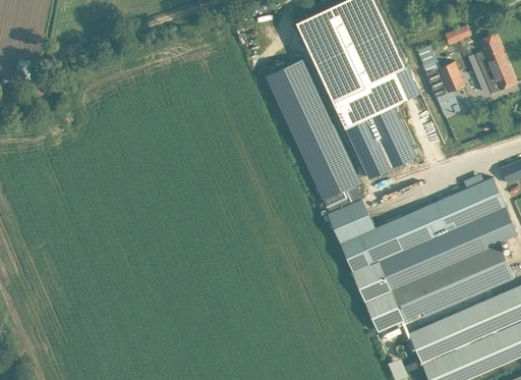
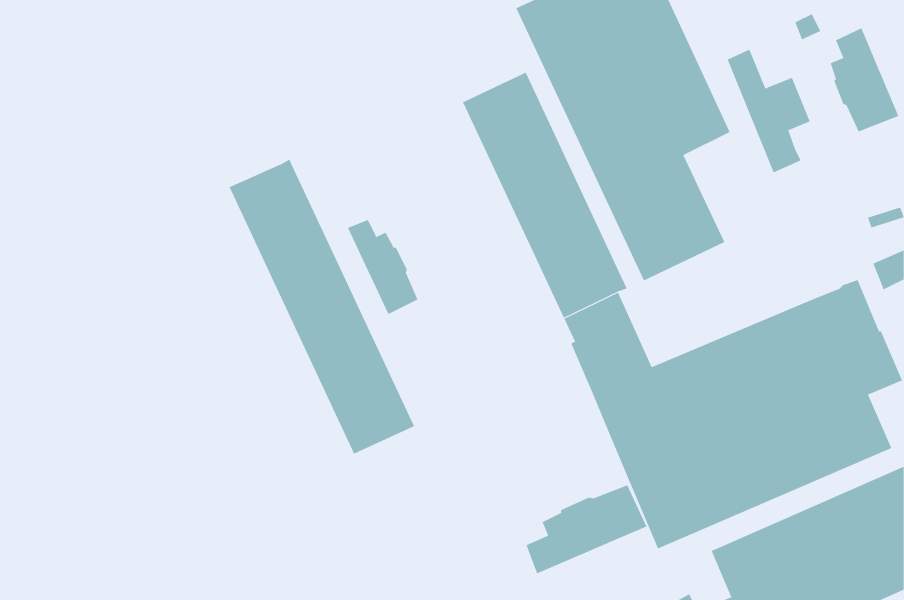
building: none -> [229,159,415,454]
building: none -> [347,219,418,315]
building: none -> [526,485,647,574]

